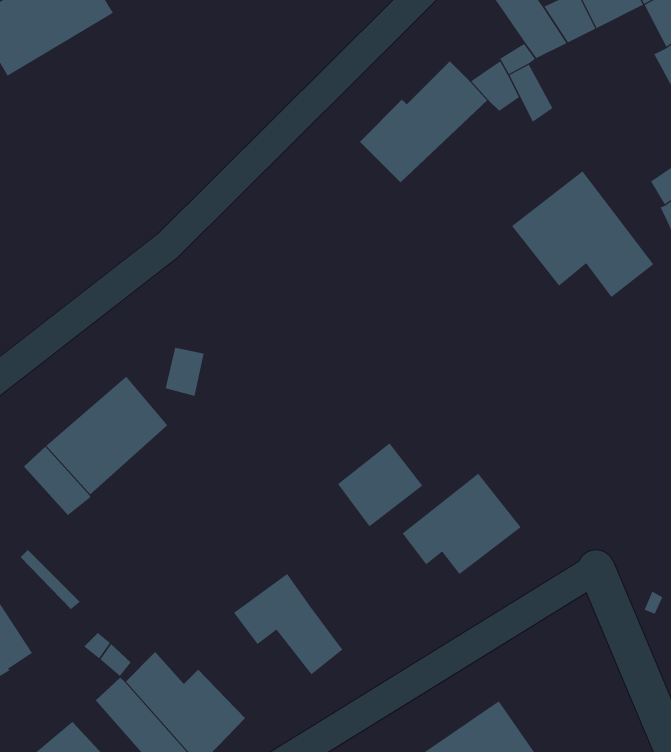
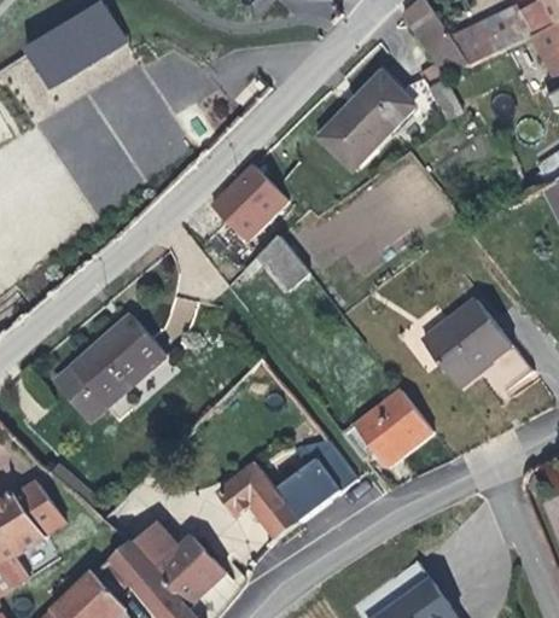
building: none -> [206,158,290,241]
building: [511,170,654,298] -> [420,301,529,397]
building: none -> [257,234,310,292]
building: [337,443,423,527] -> [276,459,342,523]

